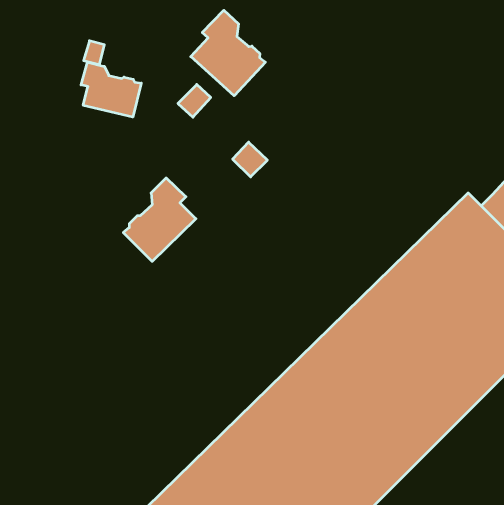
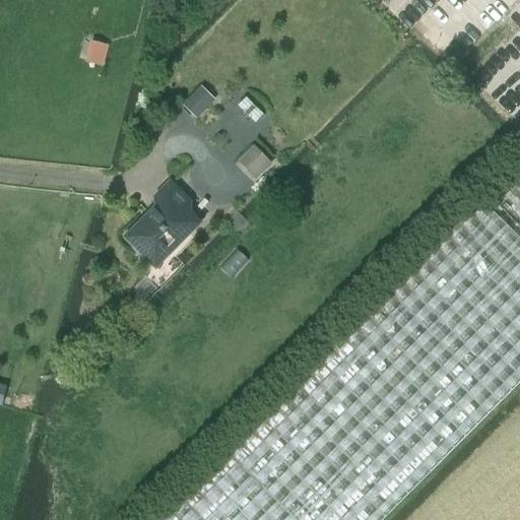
building: [191,10,265,96] -> none
building: [81,62,141,117] -> none

